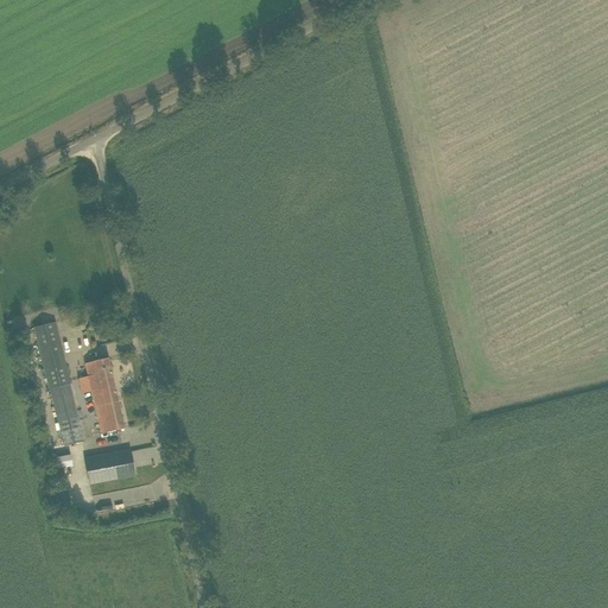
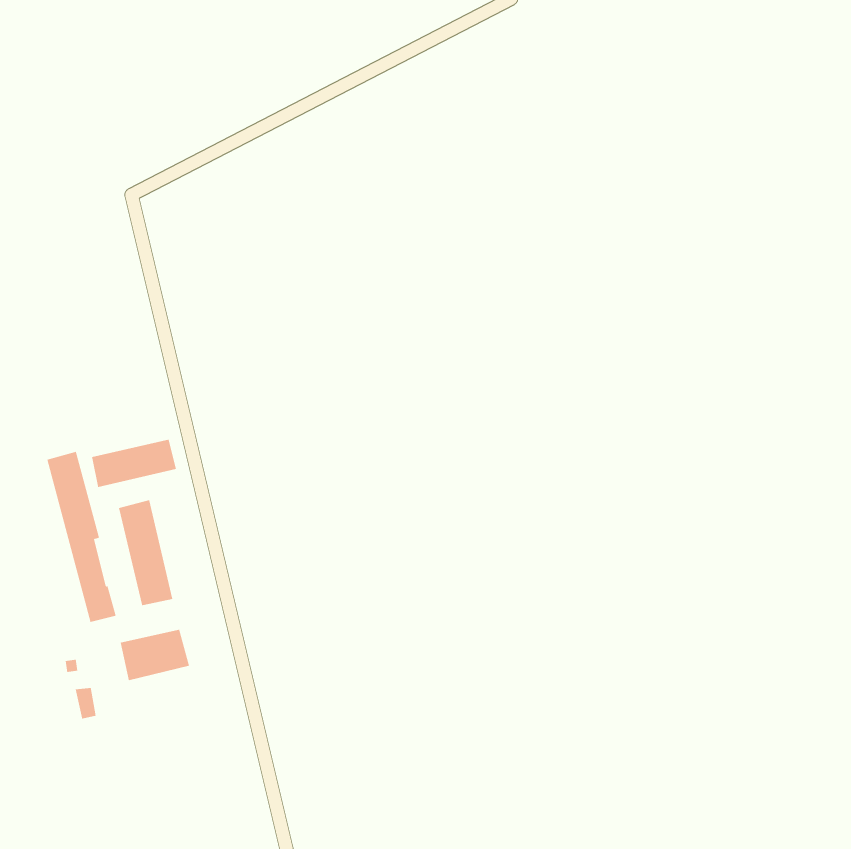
building: none -> [91,439,176,488]

